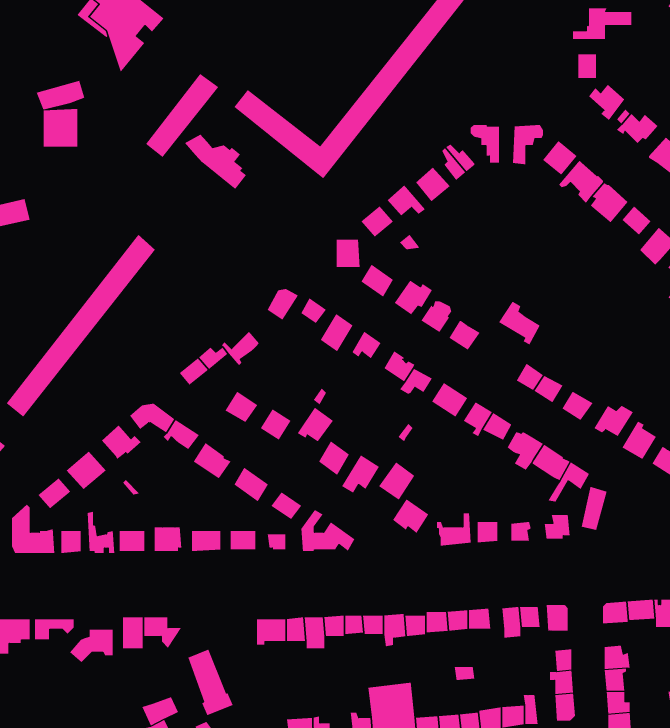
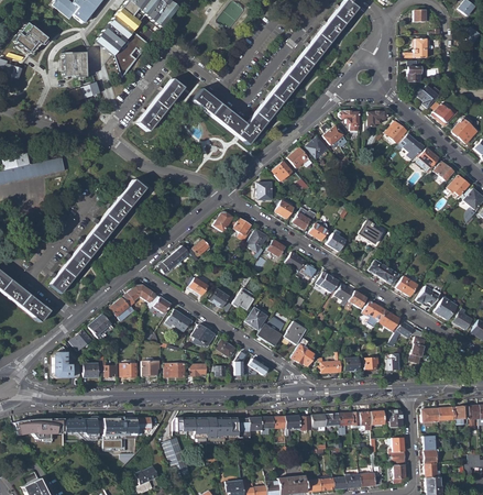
building: [43,108,78,147] -> [63,55,85,79]
building: [184,134,247,190] -> none
building: none -> [177,418,207,436]

